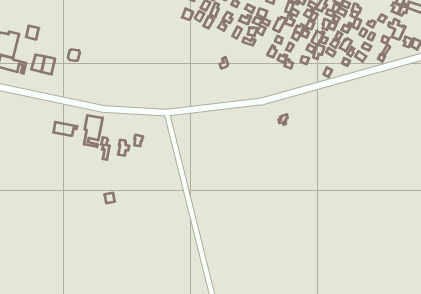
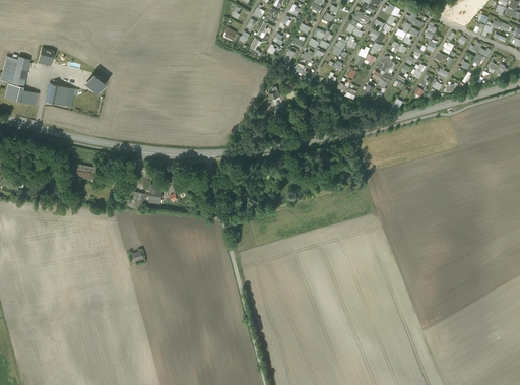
building: [84,115,103,147] -> none

